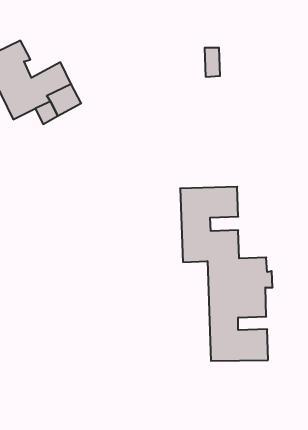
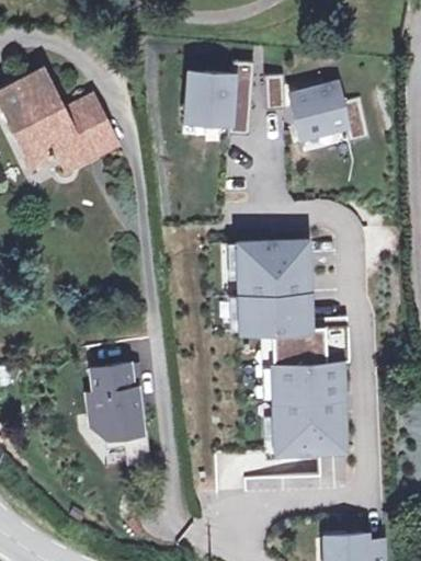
building: none -> [185,60,255,135]
building: none -> [291,83,371,144]
building: none -> [91,371,148,470]

